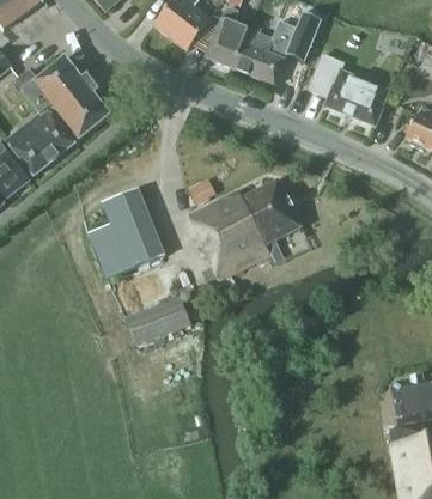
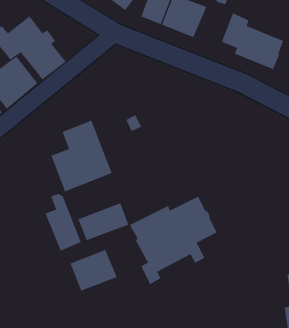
building: [187,181,299,294] -> [129,196,217,285]
building: none -> [45,193,81,251]
building: none -> [70,249,118,292]

